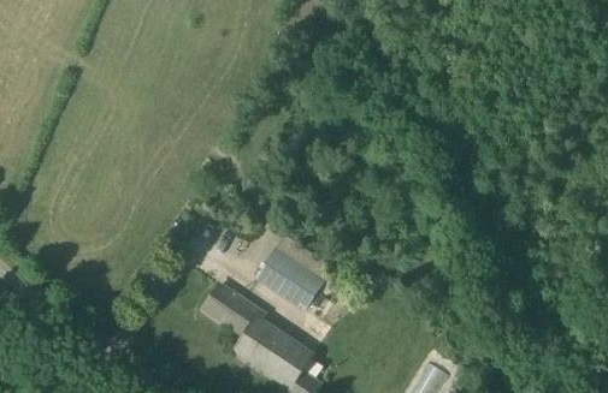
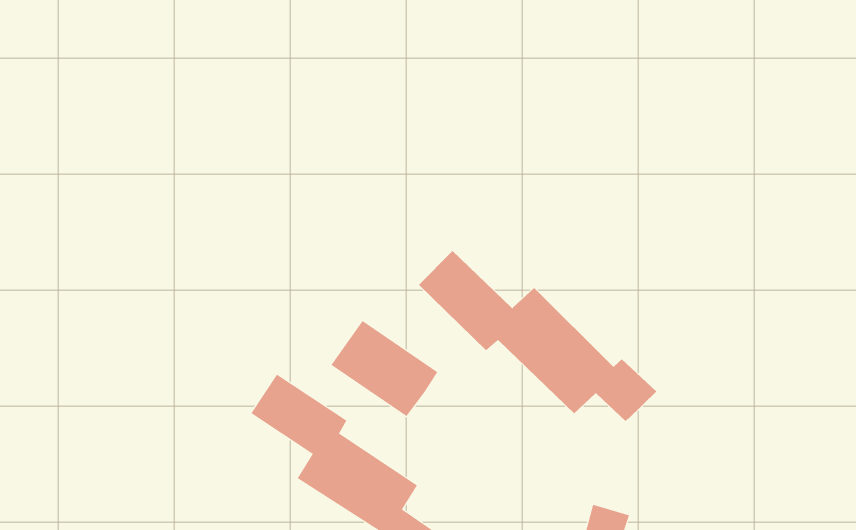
building: none -> [418,250,657,422]

